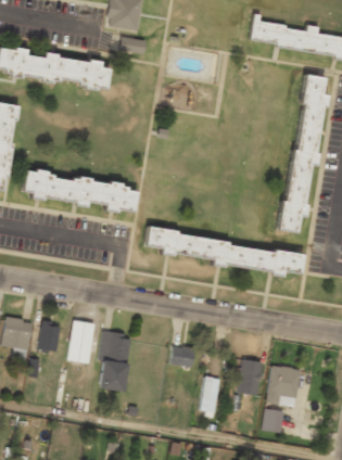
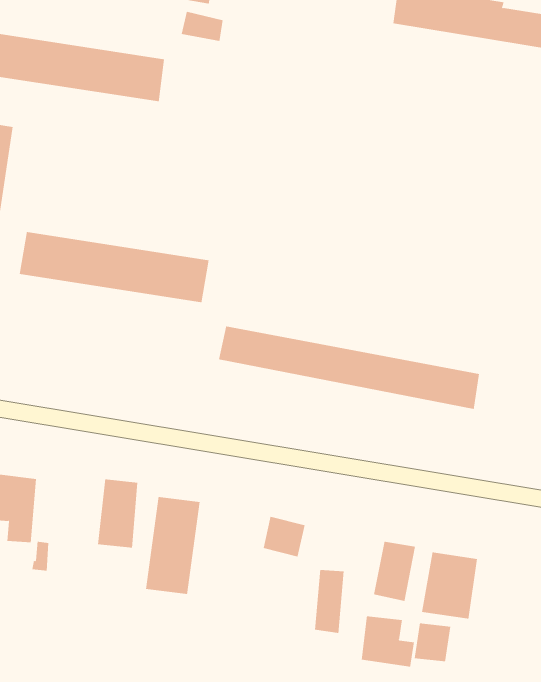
building: [280,74,327,233] -> none
building: [40,321,62,350] -> none
building: none -> [361,616,415,668]

